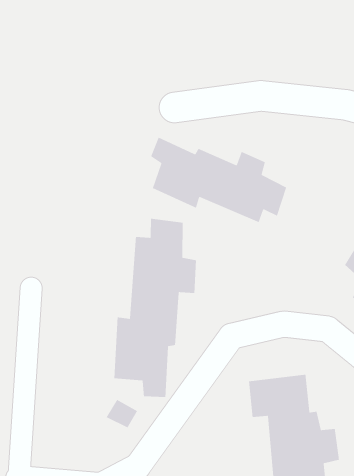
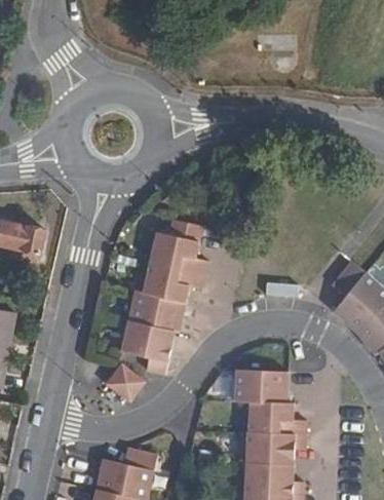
building: [150,137,287,223] -> none

